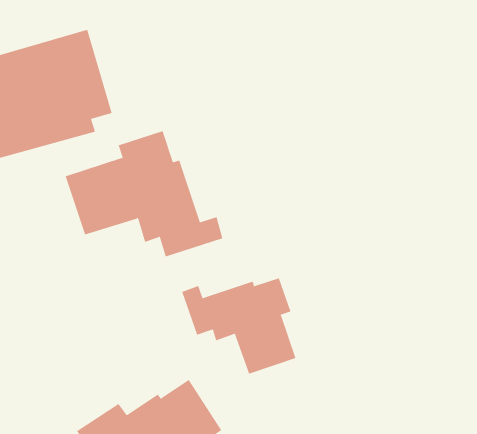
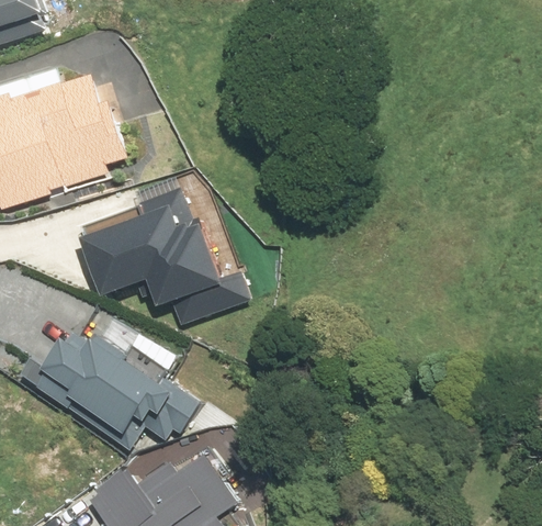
building: none -> [20,329,194,452]
building: [182,277,296,374] -> none

